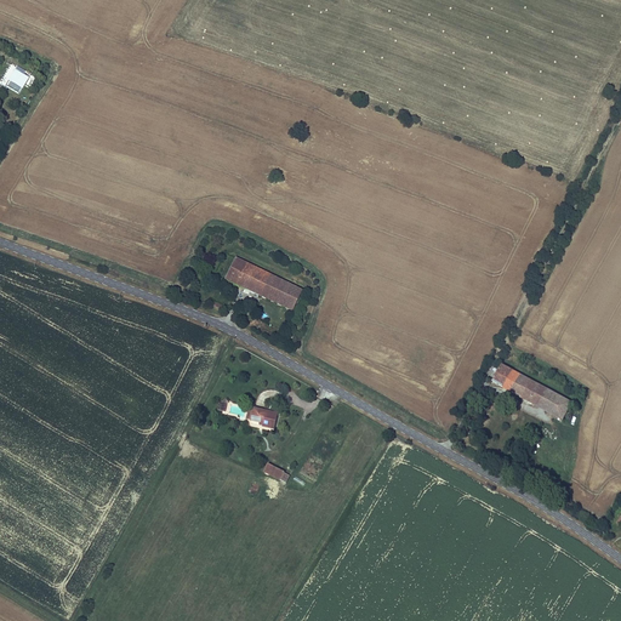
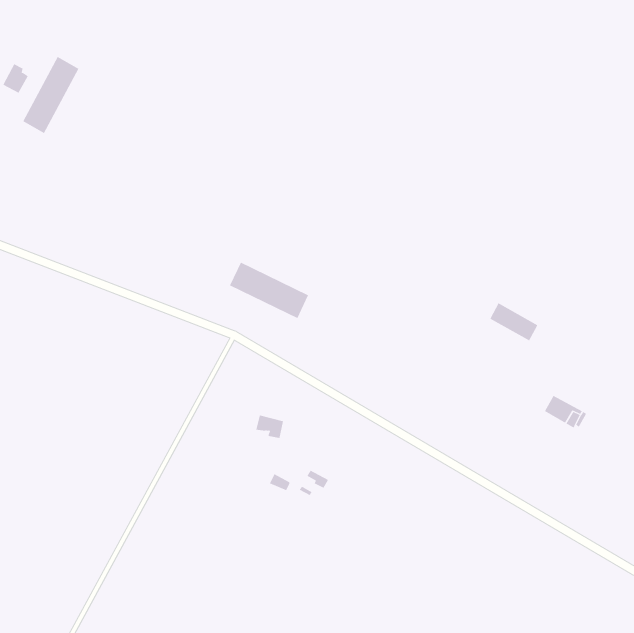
building: none -> [22,56,79,134]
building: [491,363,539,400] -> [490,303,538,341]

